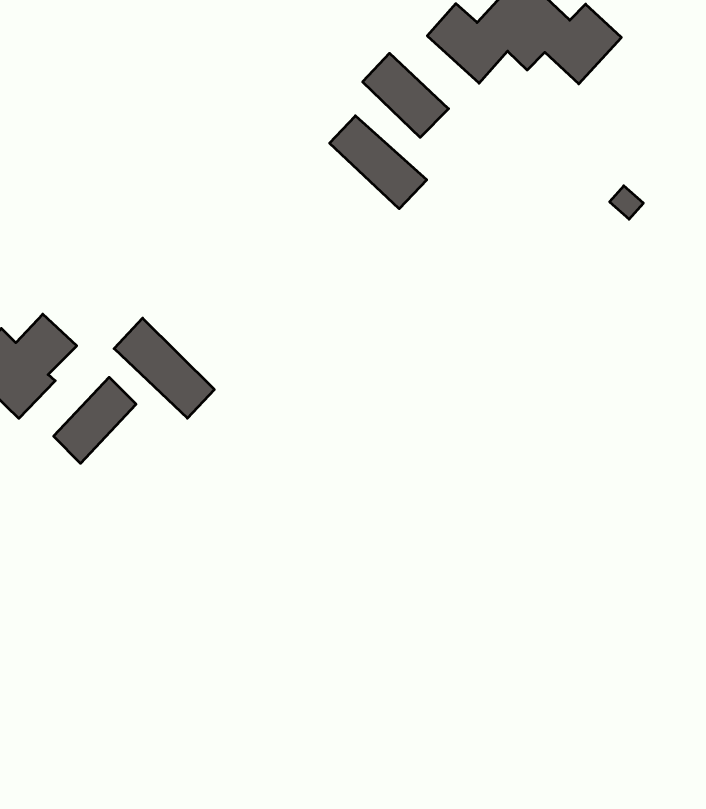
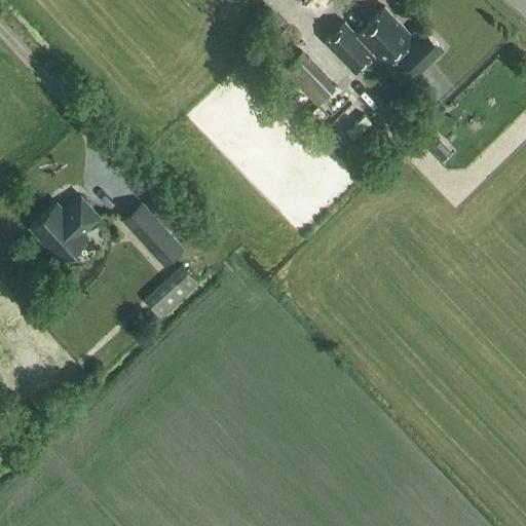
building: [330,116,427,209] -> none
building: [54,377,136,463] -> [146,265,197,316]

